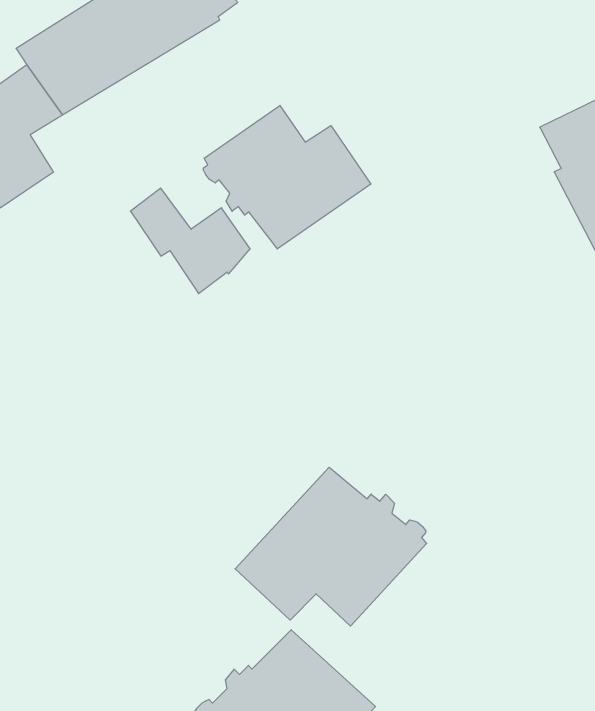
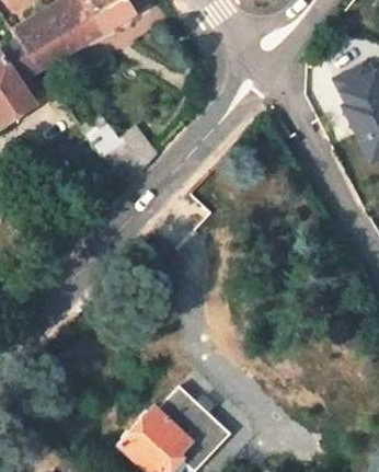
building: [203,105,371,249] -> none
building: [235,467,427,626] -> none

